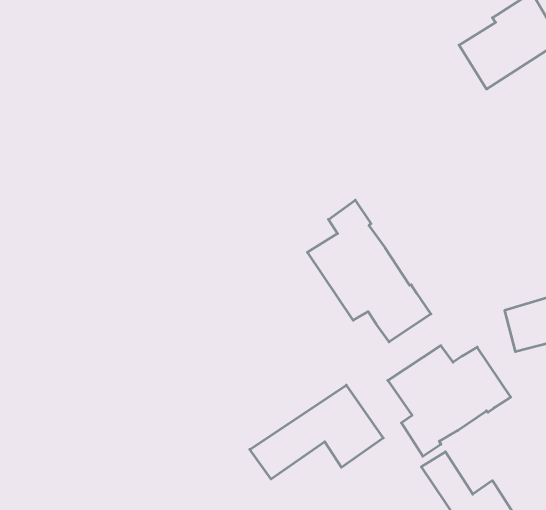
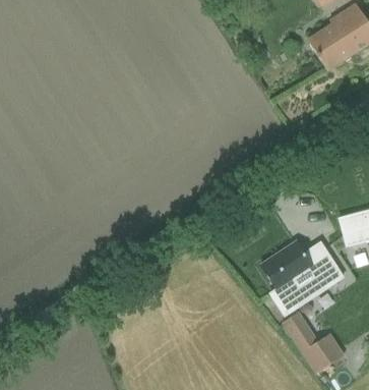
building: [307,200,431,342] -> none
building: [250,385,383,479] -> none

